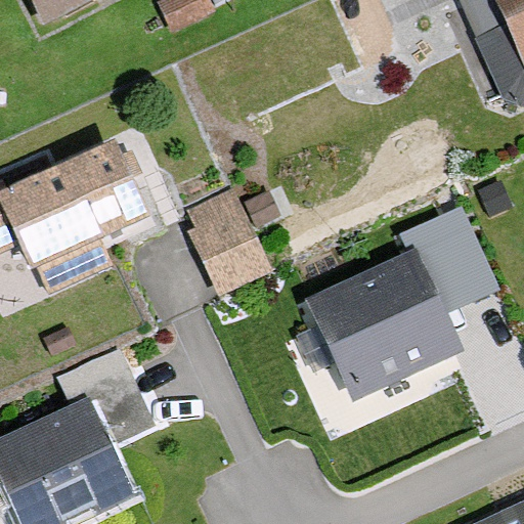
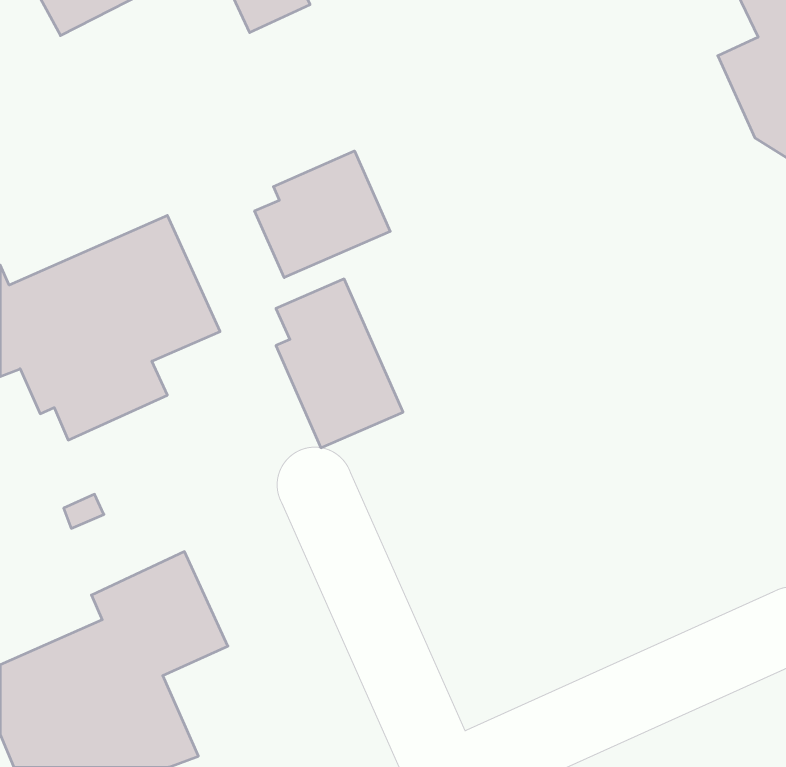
building: none -> [255,151,390,278]
building: [305,207,498,400] -> none

